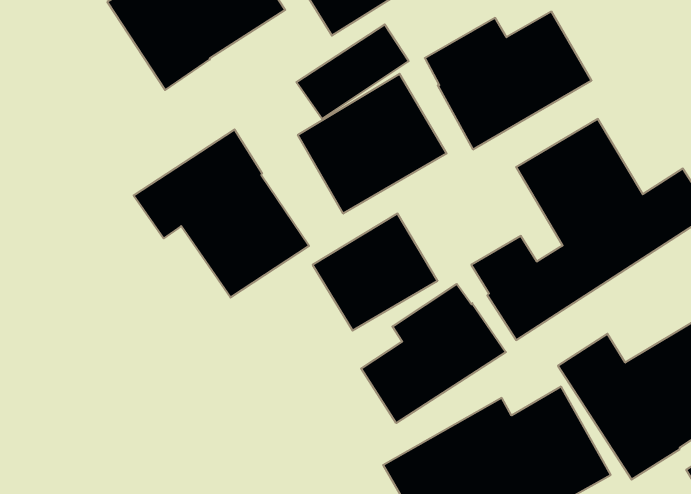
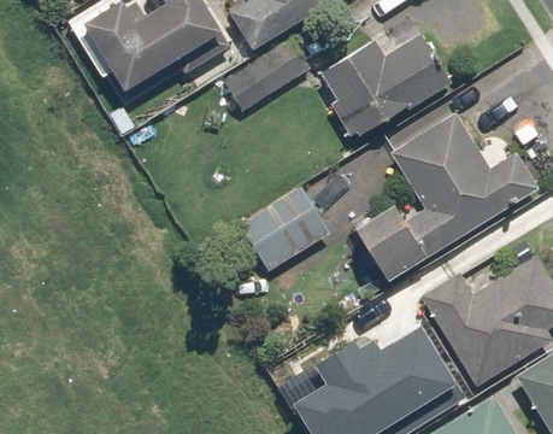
building: [298,74,447,214] -> none
building: [134,129,309,298] -> none
building: [361,284,506,423] -> none

